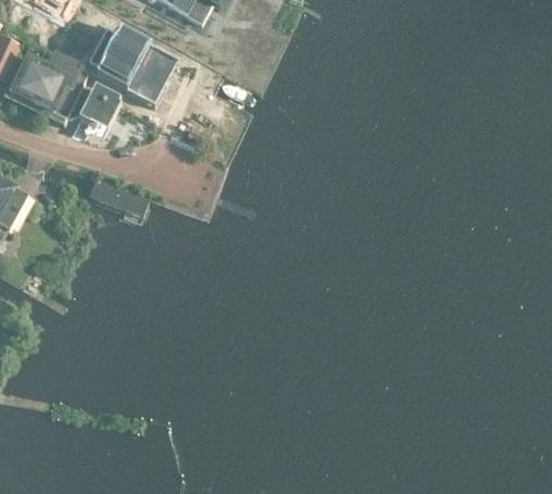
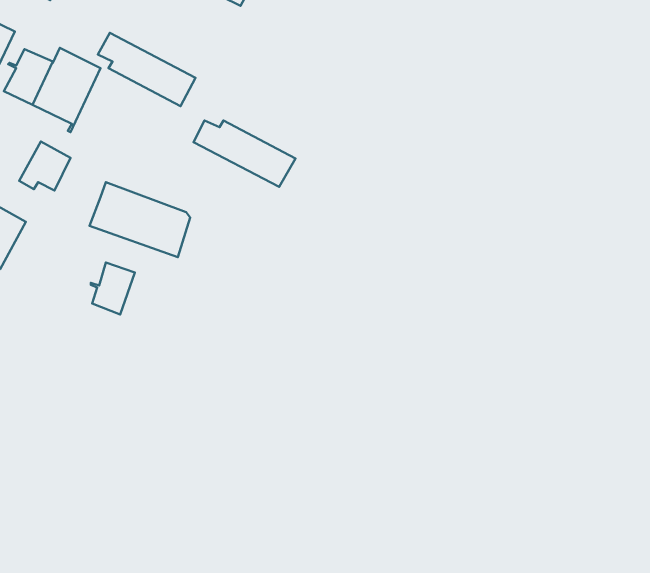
building: [95,27,176,80] -> [194,120,296,187]
building: [77,87,118,126] -> [19,142,71,190]
building: none -> [91,262,135,314]

